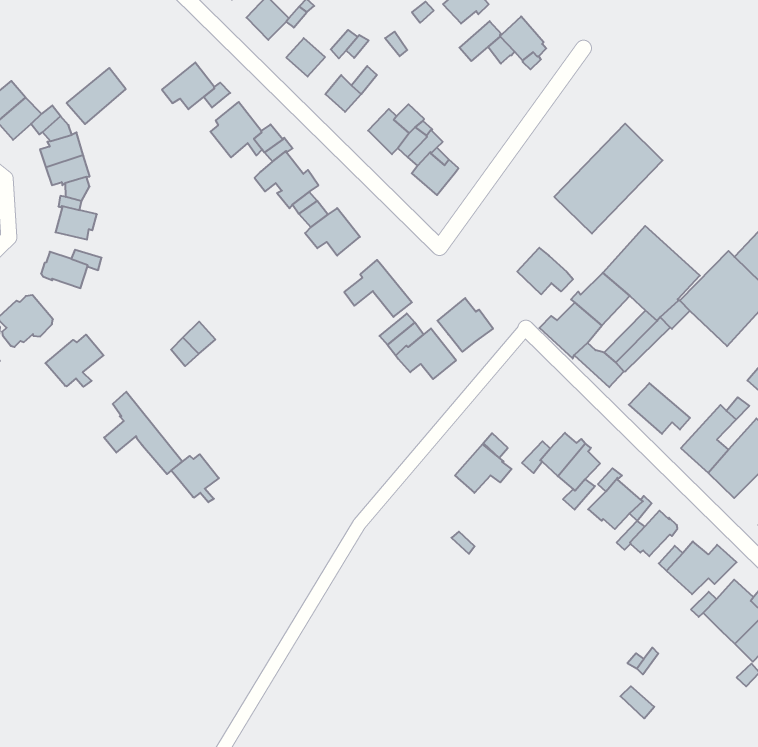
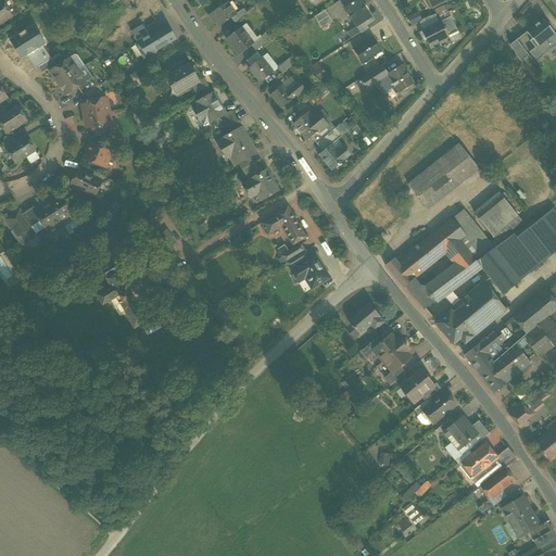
building: [67,68,126,124] -> [137,24,176,58]
building: none -> [473,193,516,235]
building: [517,248,573,294] -> none
building: [437,298,493,352] -> none
building: none -> [450,282,505,337]
building: [45,335,104,387] -> none
building: [455,444,512,493] -> [348,303,384,333]
building: [171,454,219,502] -> none

